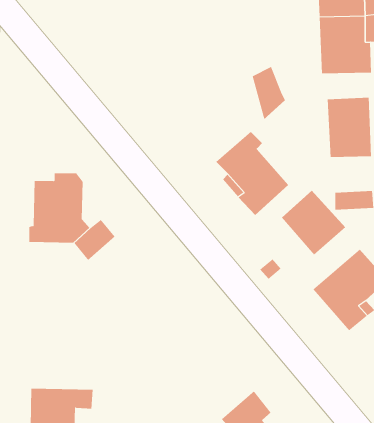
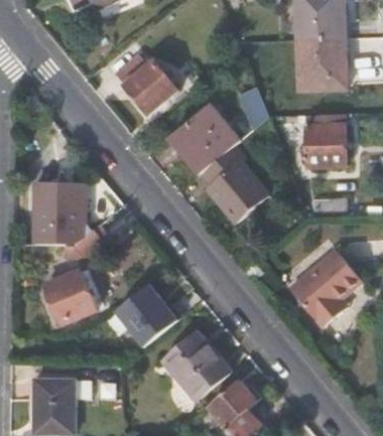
building: none -> [113,52,178,115]
building: none -> [171,101,241,171]
building: [281,190,346,256] -> none
building: none -> [43,269,94,323]
building: none -> [115,285,180,346]
building: none -> [162,331,230,401]

